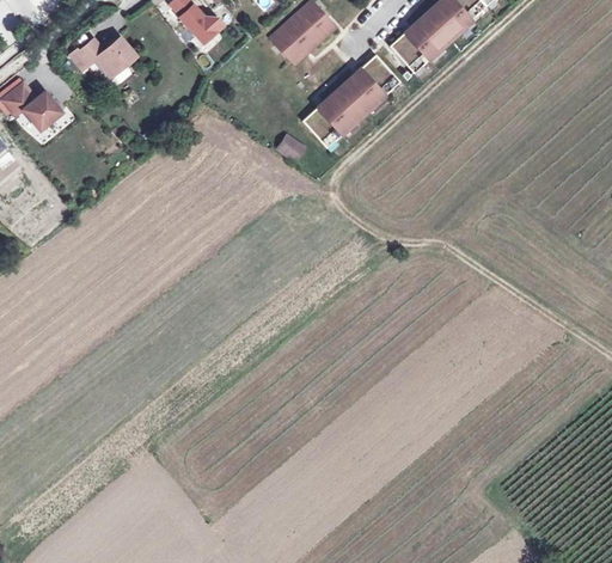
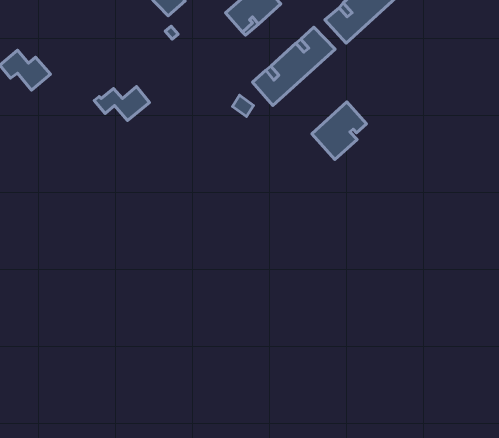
building: [71,37,136,78] -> [94,86,150,121]
building: none -> [312,102,366,159]

